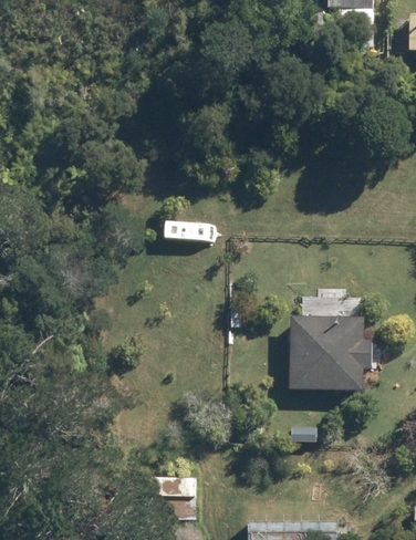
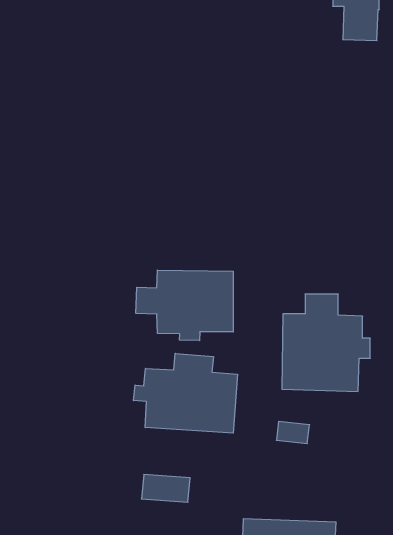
building: none -> [136,270,233,341]
building: none -> [134,353,237,433]

